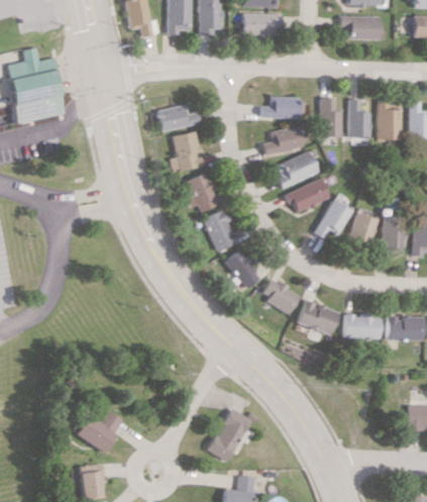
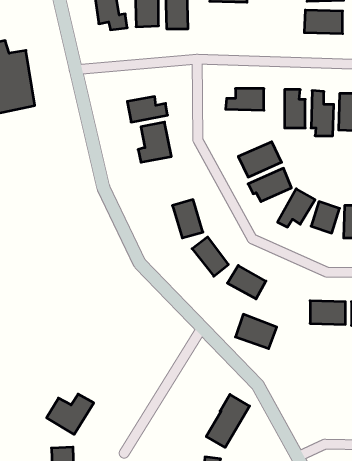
building: [243,13,282,36] -> none
building: [263,127,302,155] -> none
building: [183,174,221,212] -> none
building: [300,300,342,335] -> [235,314,277,349]
building: [208,408,252,463] -> [206,394,250,447]

